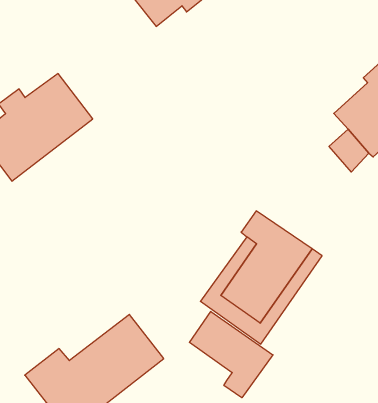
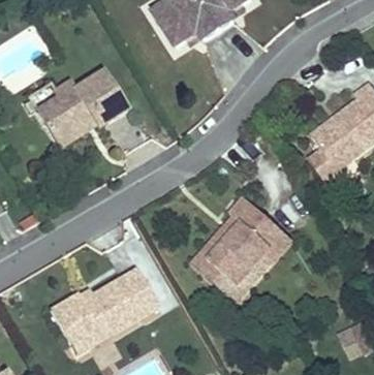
building: [189,311,273,398] -> none

